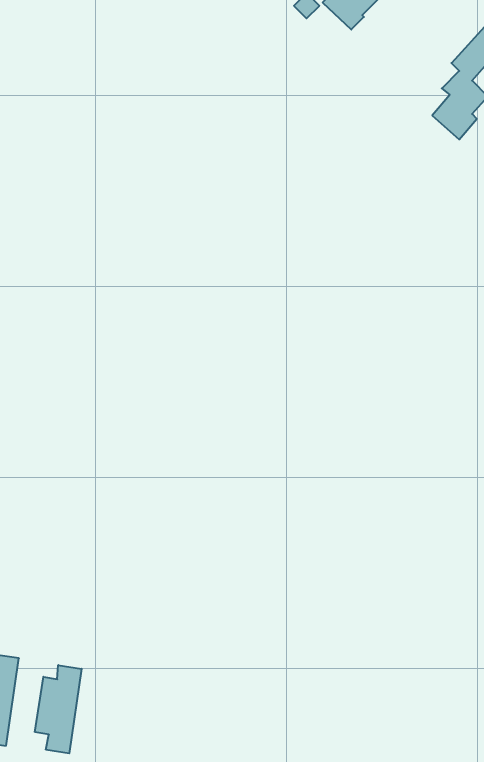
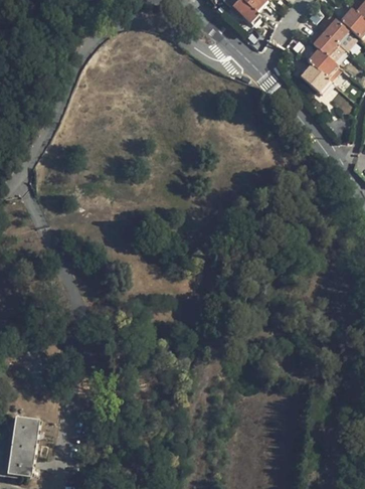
building: [35,665,82,753] -> none

